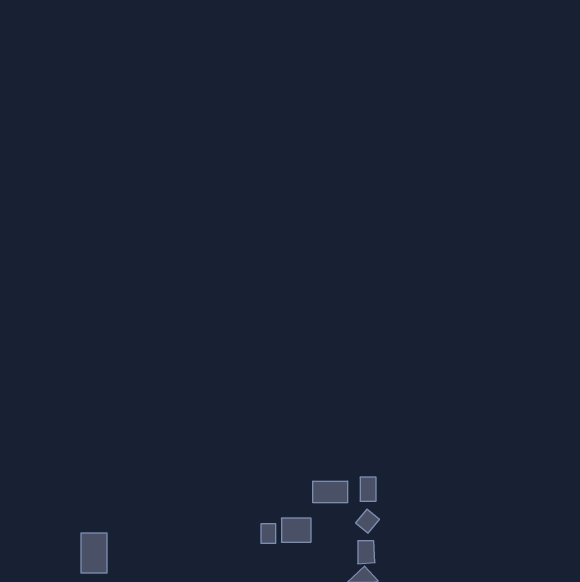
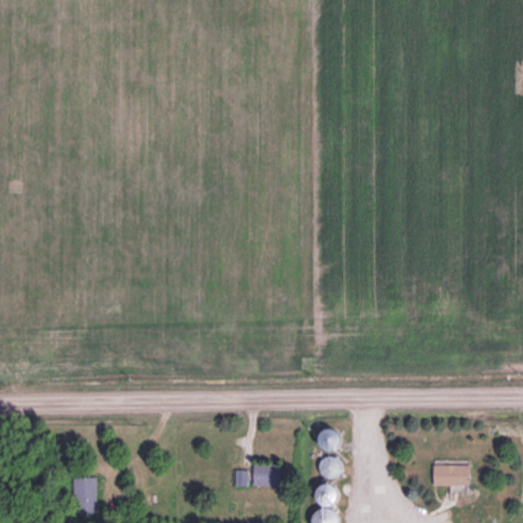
building: [313,481,348,503] -> none
building: none -> [433,465,469,486]

